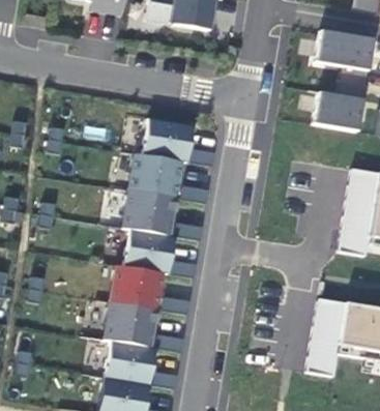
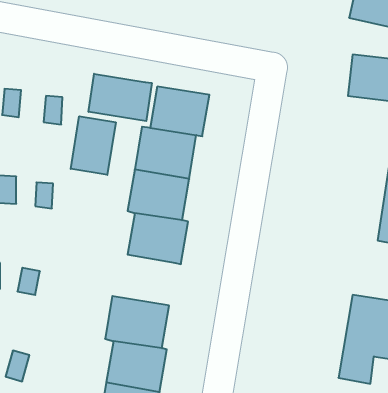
building: none -> [89,74,152,121]
building: none -> [71,116,116,175]
building: [108,263,163,309] -> none

